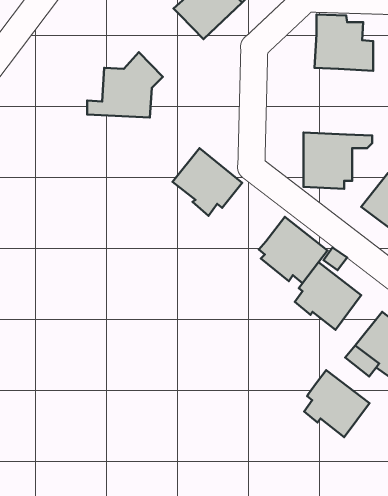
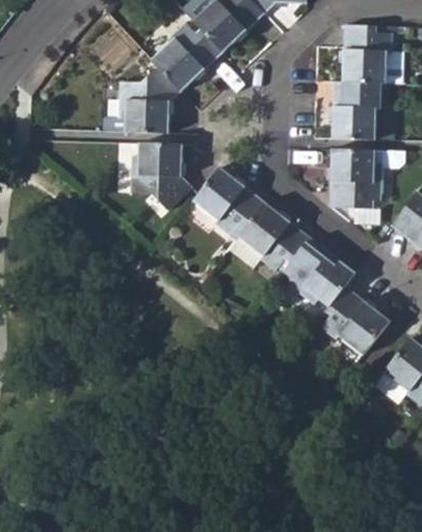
building: none -> [151,22,225,90]
building: none -> [332,80,380,139]
building: none -> [130,142,191,211]
building: none -> [228,202,310,270]
building: [304,370,369,437] -> none

